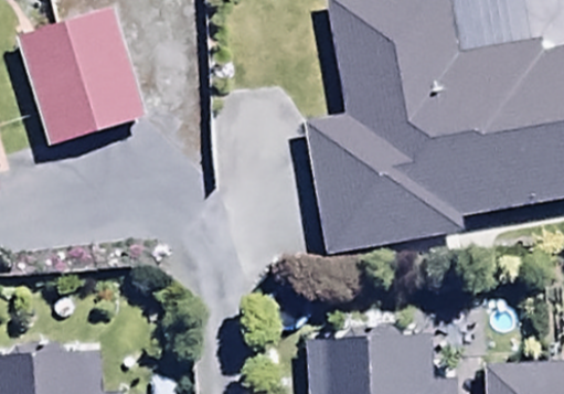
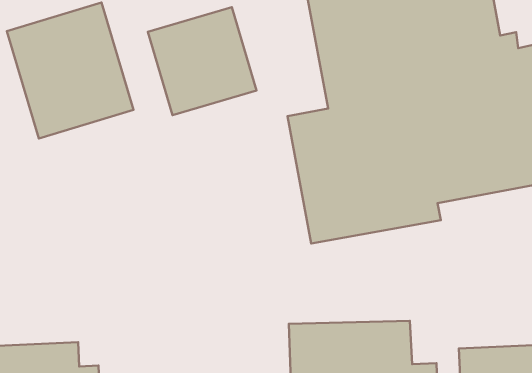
building: none -> [148,7,257,115]

